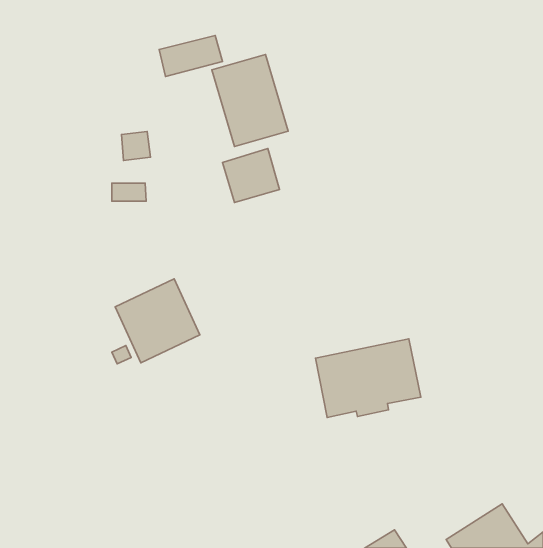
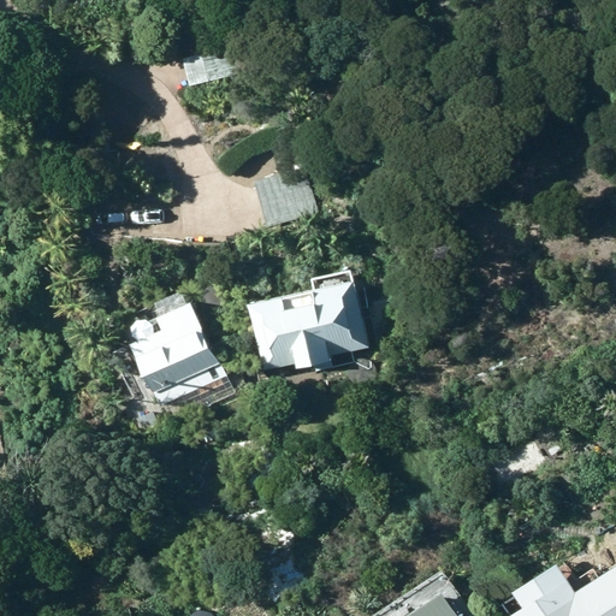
building: [212,54,288,147] -> none
building: [315,339,421,418] -> [247,283,365,371]

